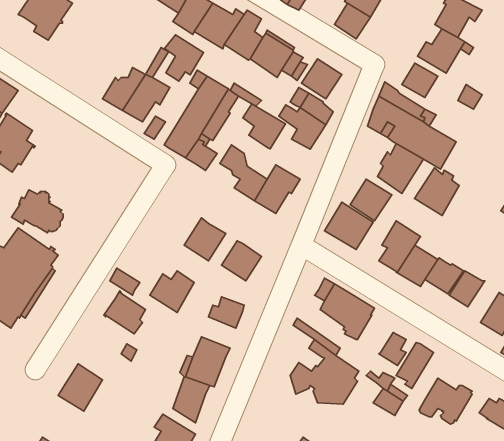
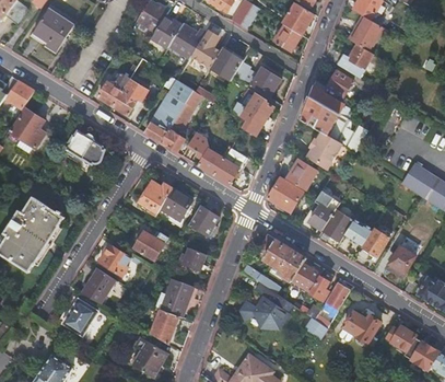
building: [164,35,204,81] -> none
building: [243,104,286,149] -> none
building: [414,168,459,216] -> none
building: [12,190,63,233] -> [65,131,104,164]
building: none -> [139,181,173,213]
building: none -> [292,263,320,291]
building: none -> [81,268,116,305]

